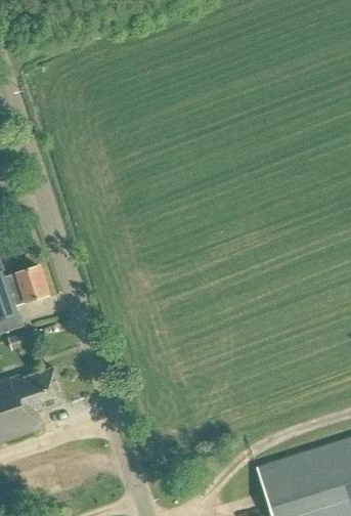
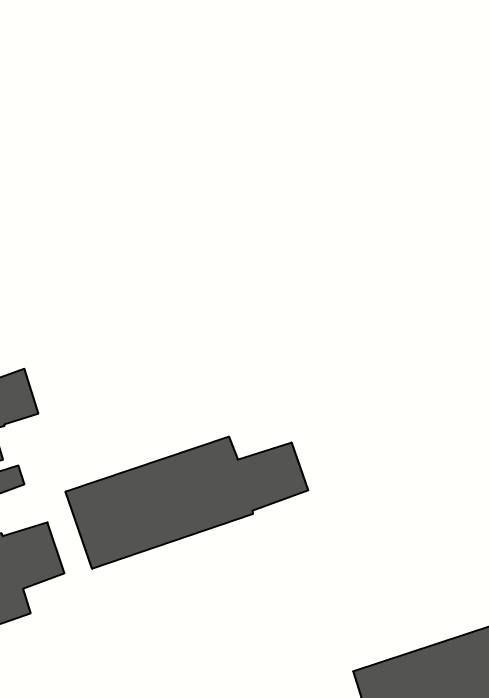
building: none -> [66,437,308,569]

